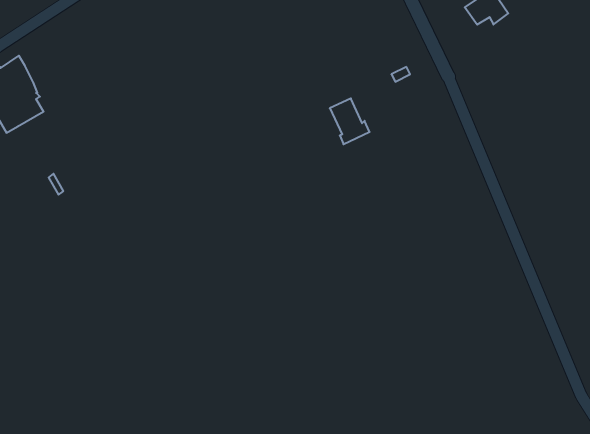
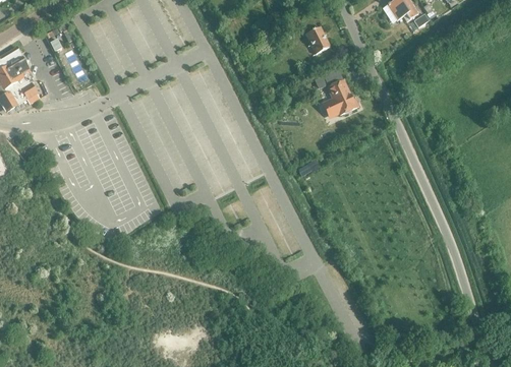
building: none -> [304,25,330,54]
building: [330,98,370,144] -> [326,78,358,116]

